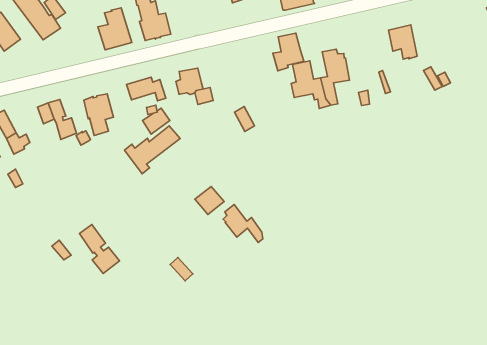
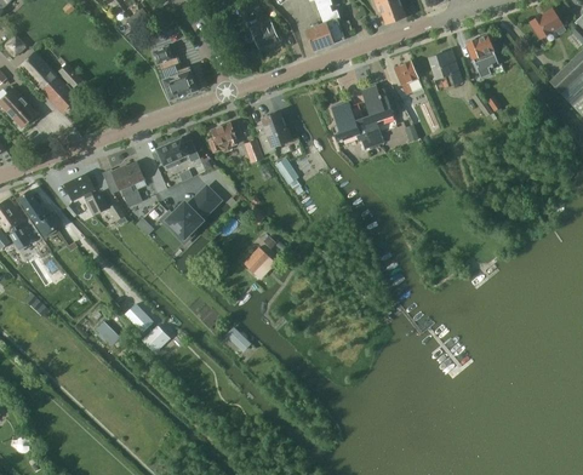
building: [98,8,132,50] -> none
building: none -> [467,35,498,78]
building: none -> [394,61,423,96]
building: [273,33,304,71] -> [258,111,292,154]
building: [223,205,263,242] -> none

